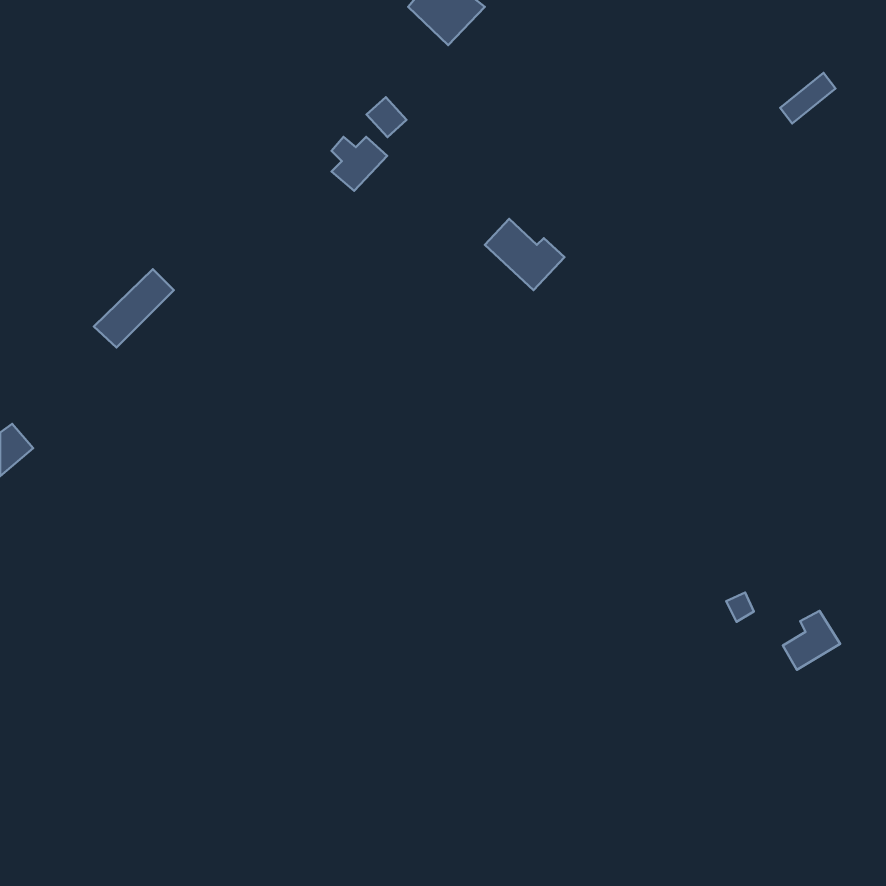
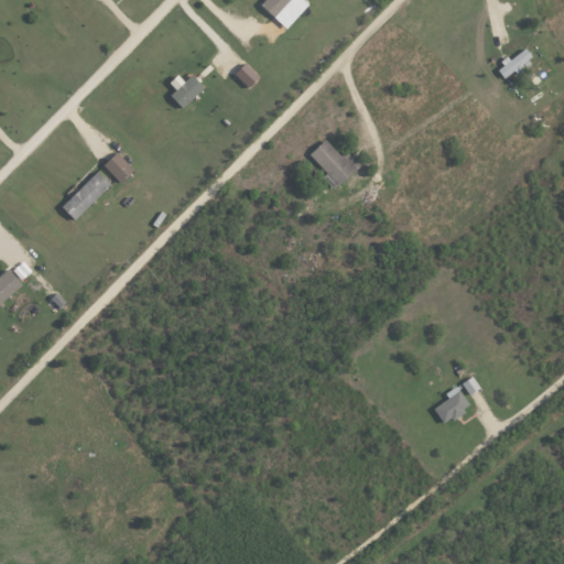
building: [331,137,387,191] -> [169,74,204,108]
building: none -> [102,151,134,183]
building: [783,611,840,670] -> [434,386,470,423]

